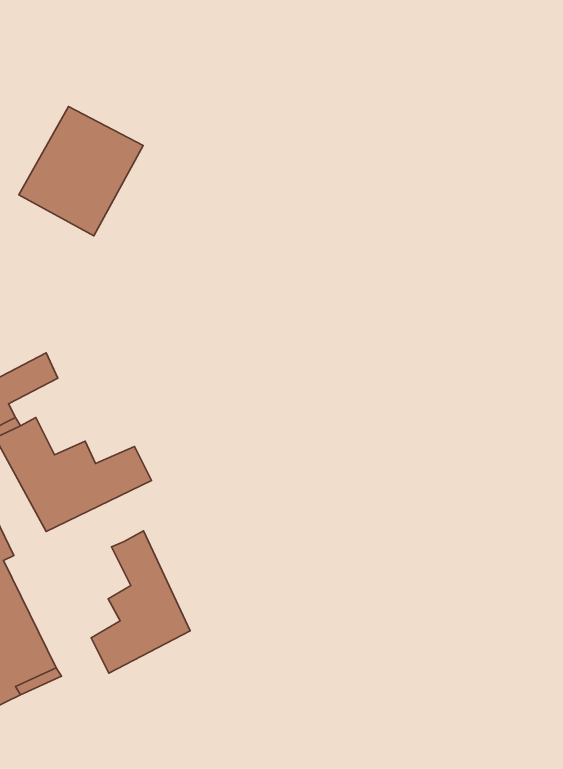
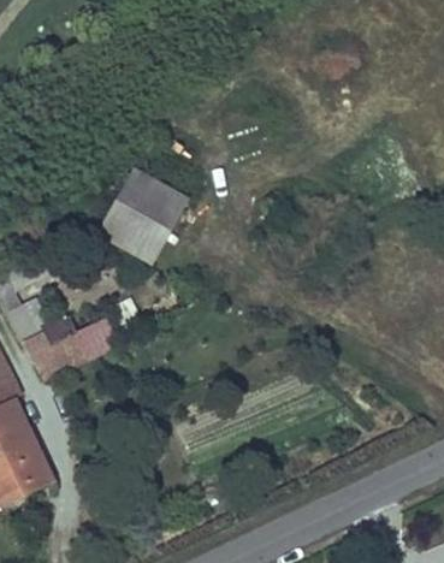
building: [19,106,143,236] -> [100,170,188,261]
building: [91,531,190,673] -> none

